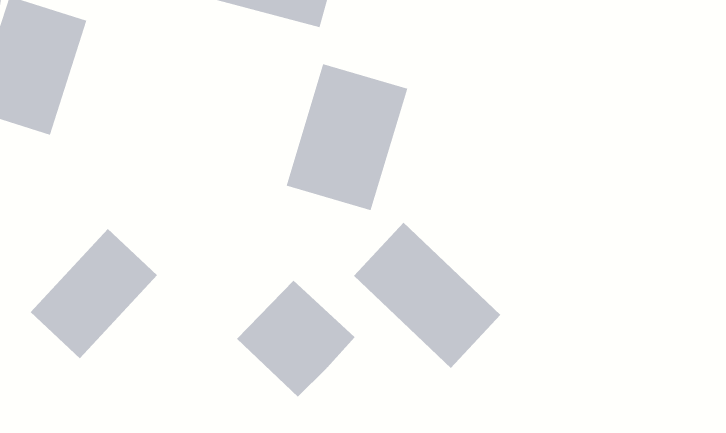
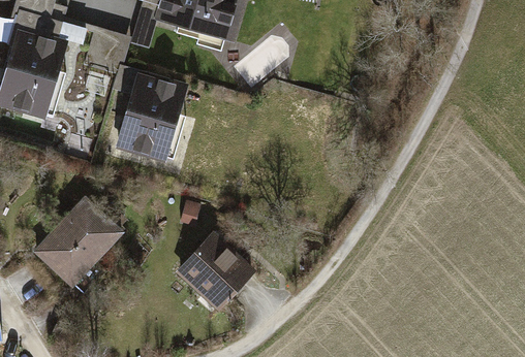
building: [286,64,408,211] -> [107,63,193,166]
building: [353,222,501,369] -> none

